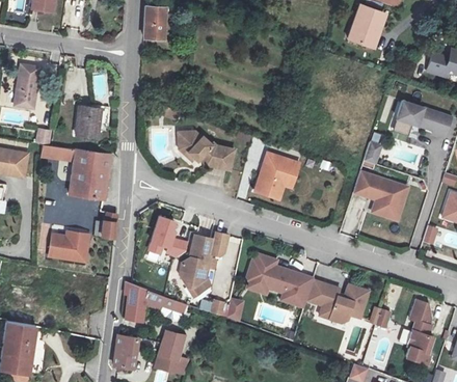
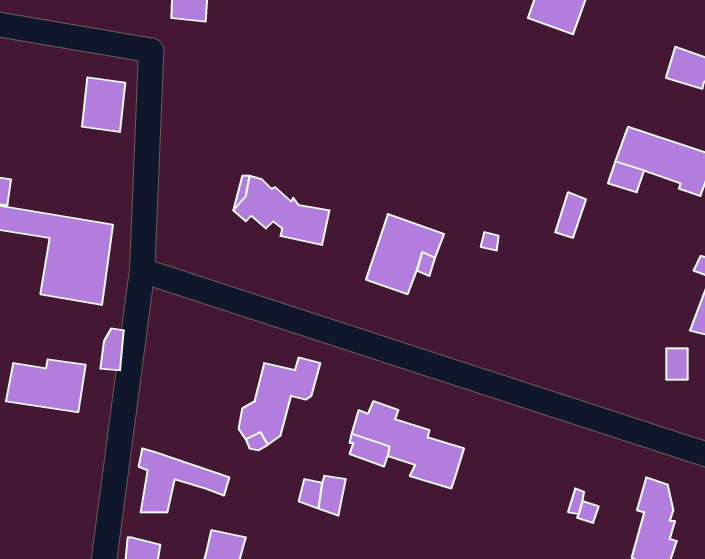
building: [77,107,102,138] -> [82,77,125,132]
building: [350,170,405,216] -> none
building: [149,215,180,254] -> none
building: [305,279,368,323] -> none

